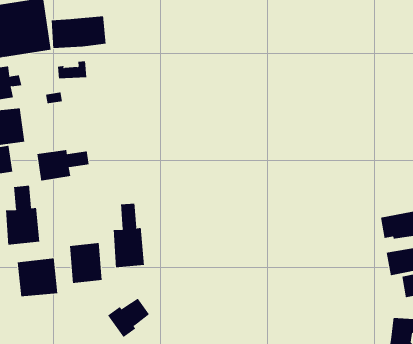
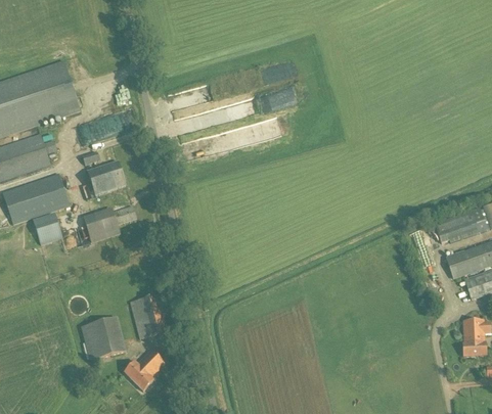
building: [51,15,106,49] -> none
building: none -> [87,160,127,195]
building: [5,185,40,245] -> none
building: [113,203,144,268] -> none
building: [107,298,150,338] -> [124,349,166,390]

